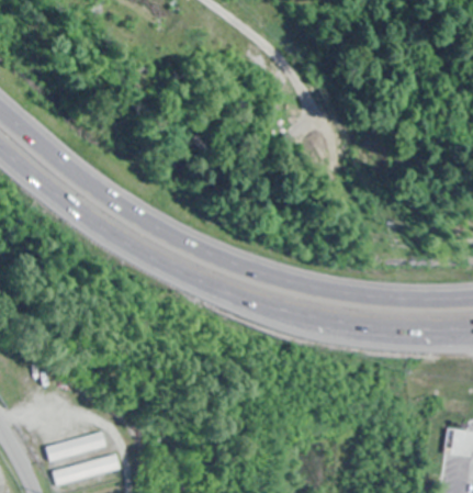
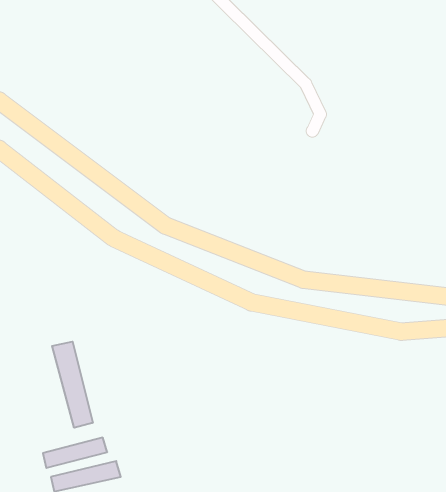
building: none -> [52,342,93,428]

